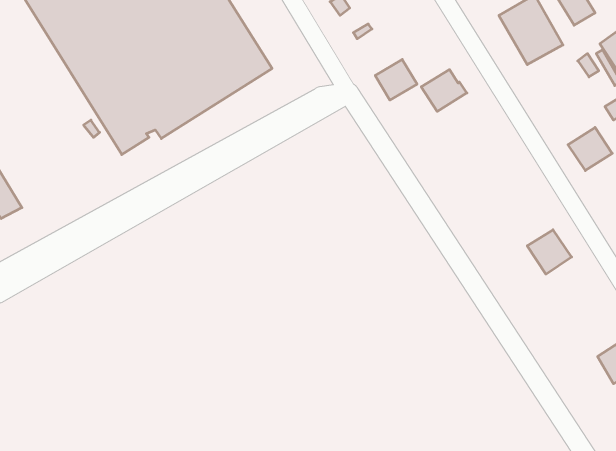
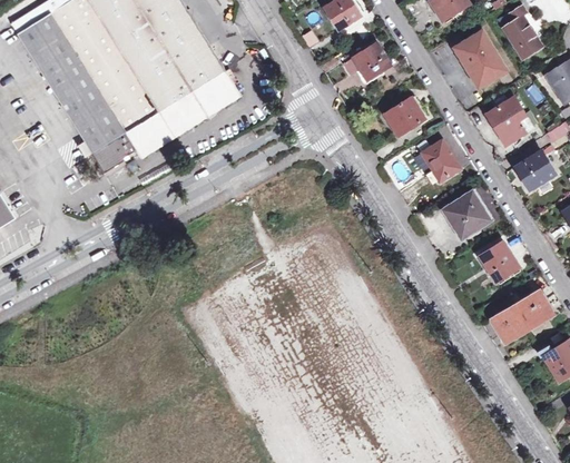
building: [375,59,417,100] -> [352,43,390,80]
building: none -> [484,98,530,145]
building: none -> [421,140,456,180]
building: none -> [444,190,489,237]
building: none -> [489,290,552,343]

